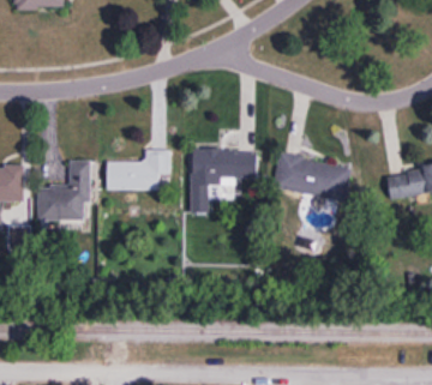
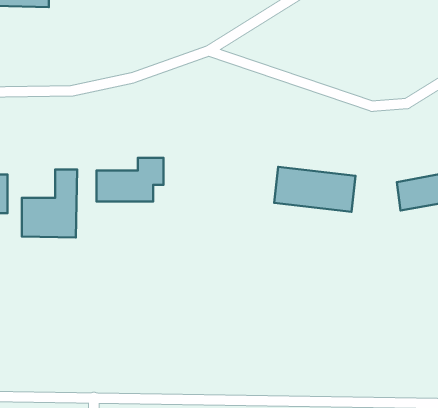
building: [192,148,258,204] -> none

